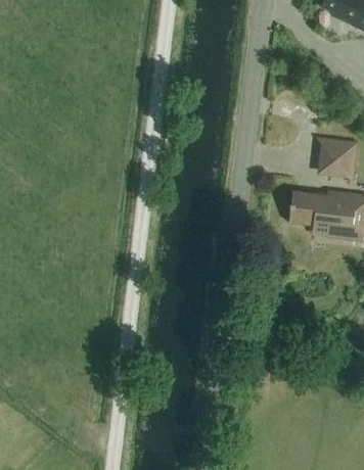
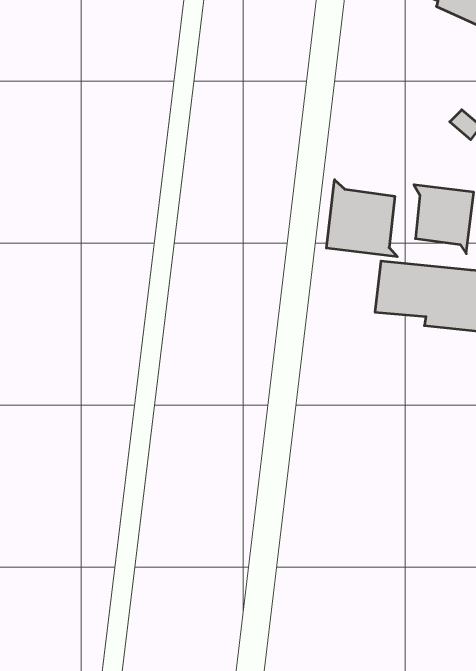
building: none -> [326,180,397,257]

